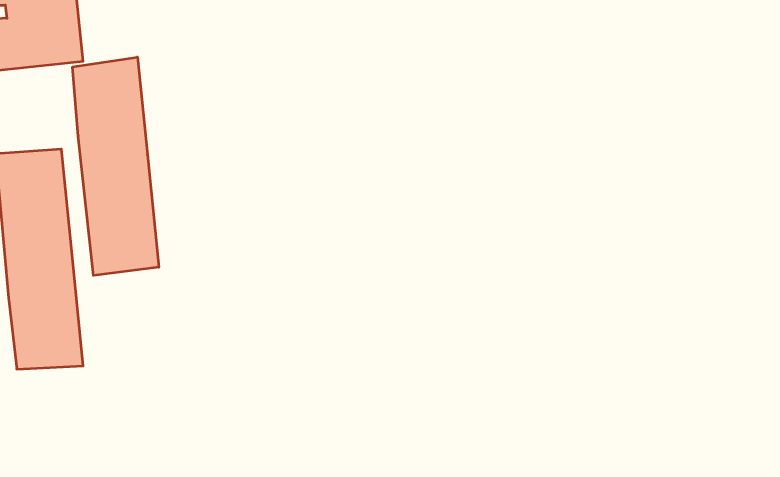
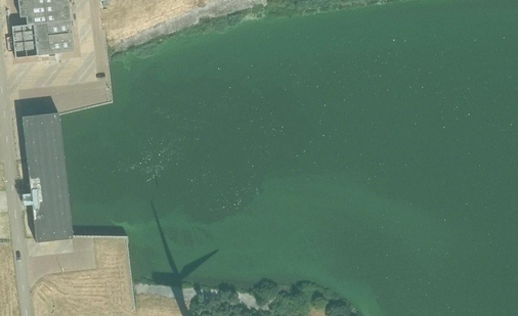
building: [73,57,159,275] -> none

